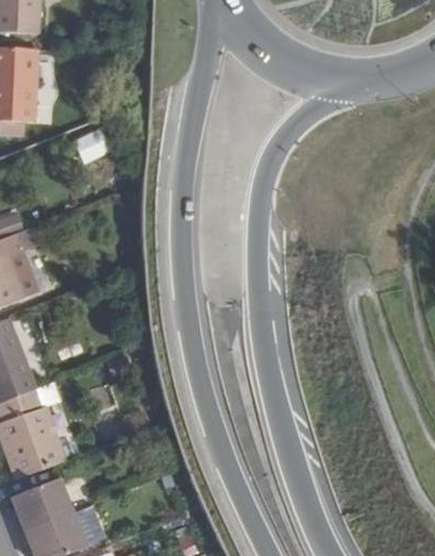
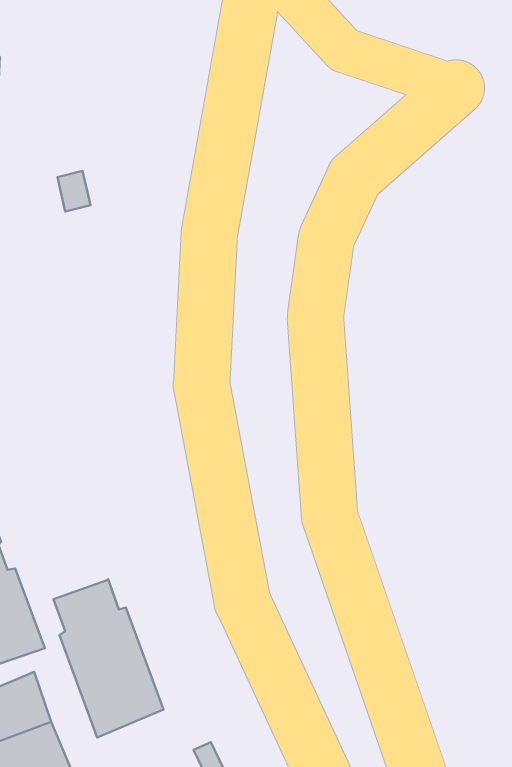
building: none -> [53,579,164,737]

